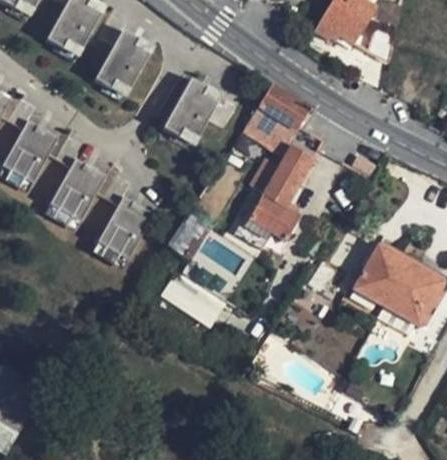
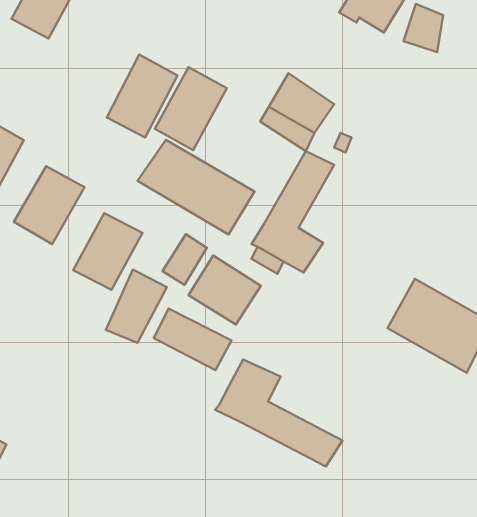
building: [94,30,151,97] -> [107,55,177,137]
building: none -> [137,140,254,234]
building: none -> [189,256,261,324]
building: none -> [106,270,167,343]
building: none -> [215,360,342,466]

